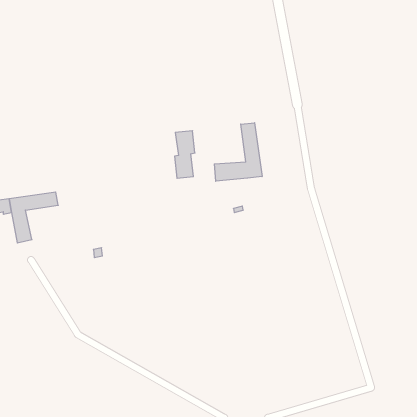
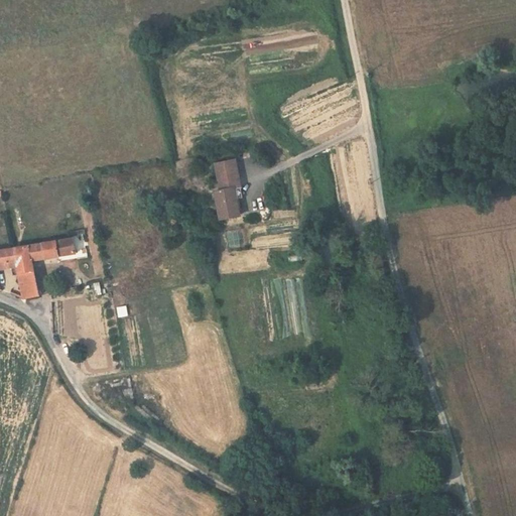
building: [214,123,262,181] -> none

